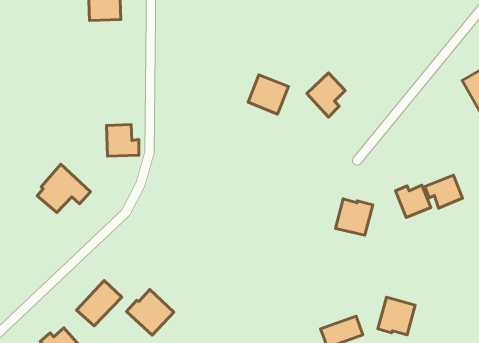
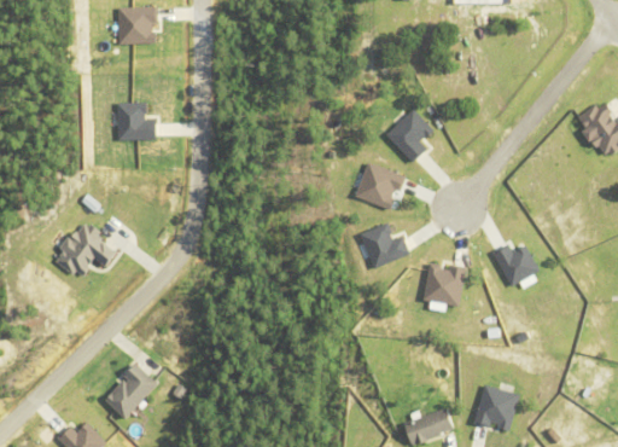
building: [248,75,288,114] -> [354,162,403,210]
building: [106,125,139,156] -> [116,101,156,140]
building: none -> [358,224,408,268]
building: [425,175,463,208] -> none
building: [126,290,174,335] -> none

